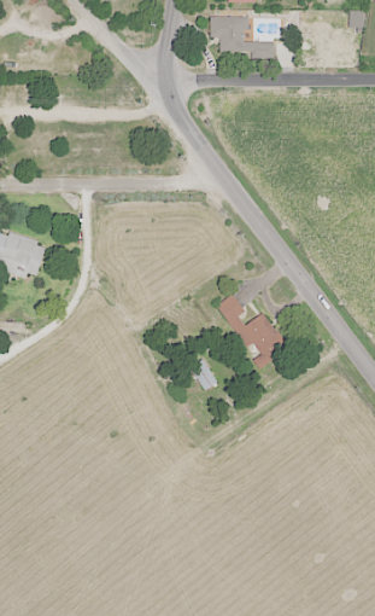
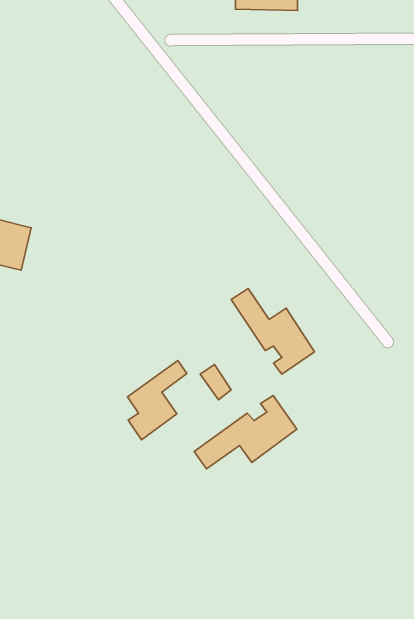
building: none -> [128,361,187,440]
building: none -> [194,395,297,469]

